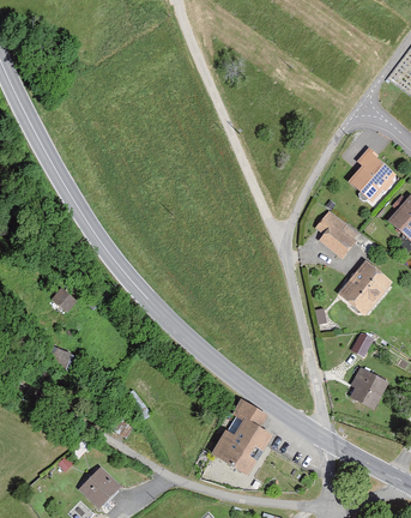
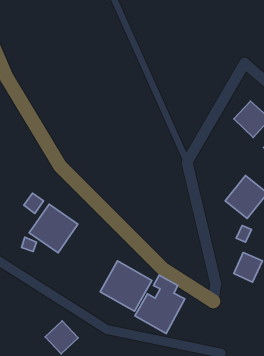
building: [310,205,359,253] -> none
building: none -> [29,204,78,253]
building: none -> [100,261,152,311]

